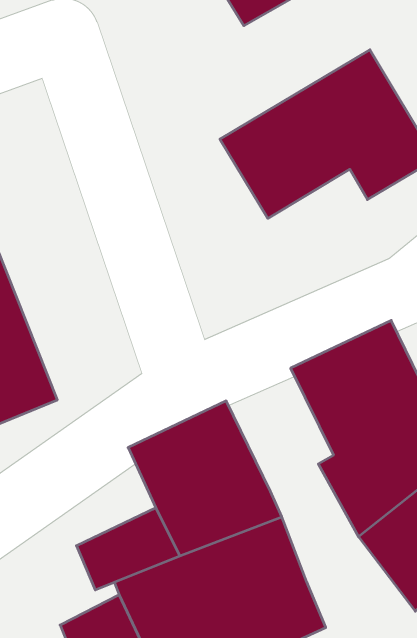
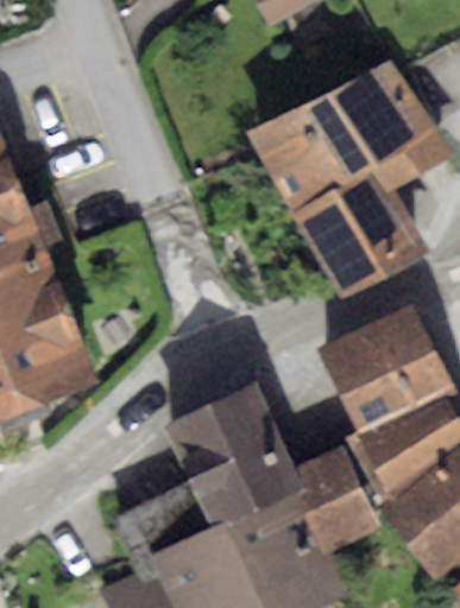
building: none -> [296,163,429,296]
building: none -> [298,448,380,552]

